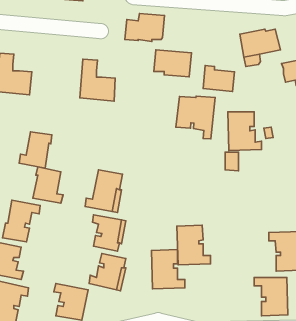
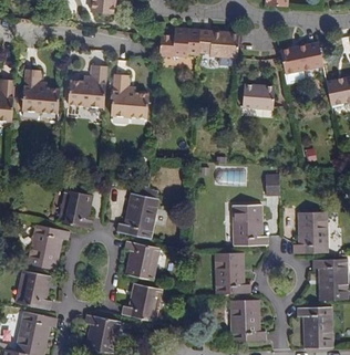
building: [154,50,191,77] -> [198,29,238,58]
building: none -> [68,65,106,107]
building: [176,96,215,139] -> none
building: [228,112,261,151] -> [231,203,267,244]
building: [19,132,52,168] -> none
building: none -> [292,211,326,252]
building: [151,249,185,289] -> [229,299,265,341]

